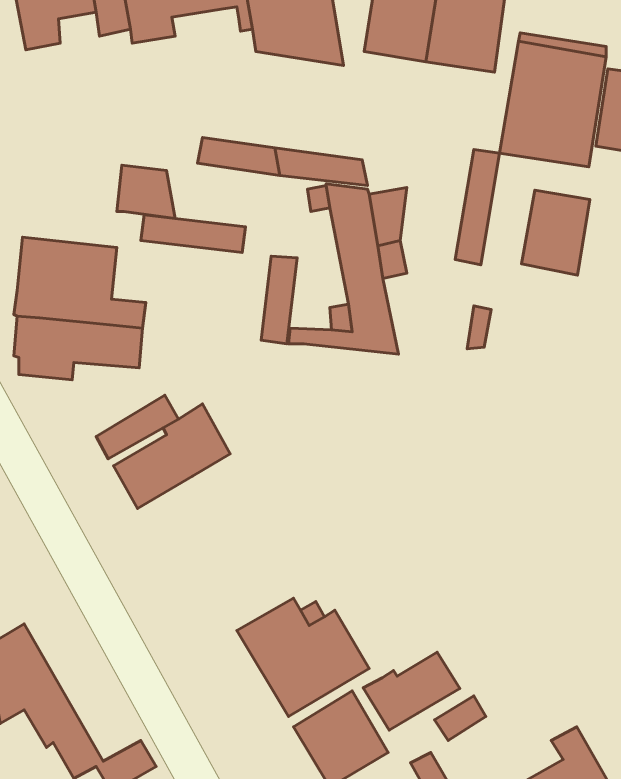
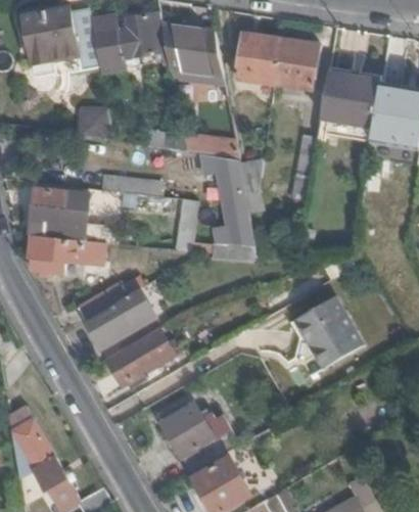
building: [117,165,175,219] -> [74,107,108,139]
building: [522,190,590,275] -> none
building: none -> [294,298,362,368]
building: none -> [105,326,175,385]
building: [363,652,460,730] -> none

